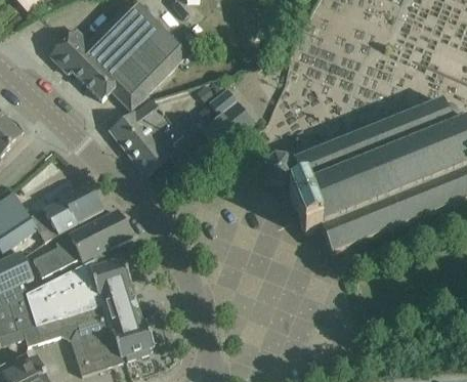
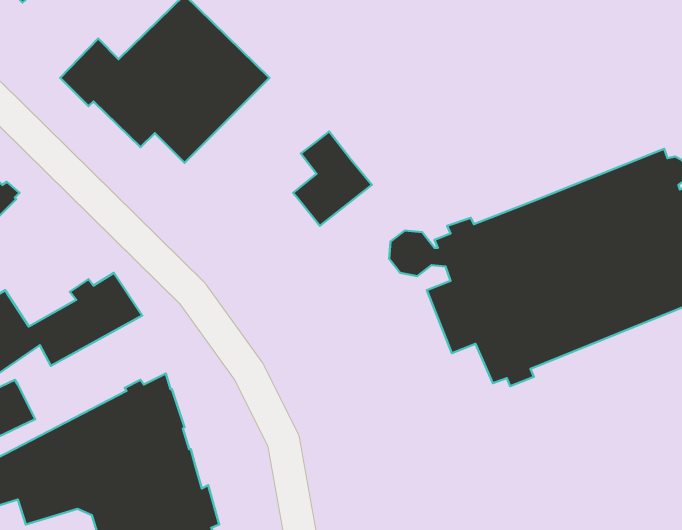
building: [110,97,203,173] -> none
building: [34,210,132,274] -> none

